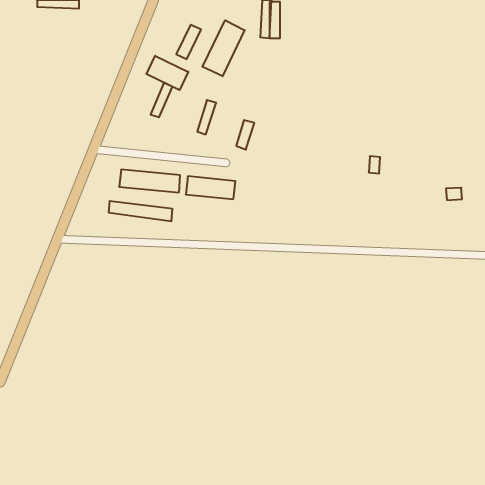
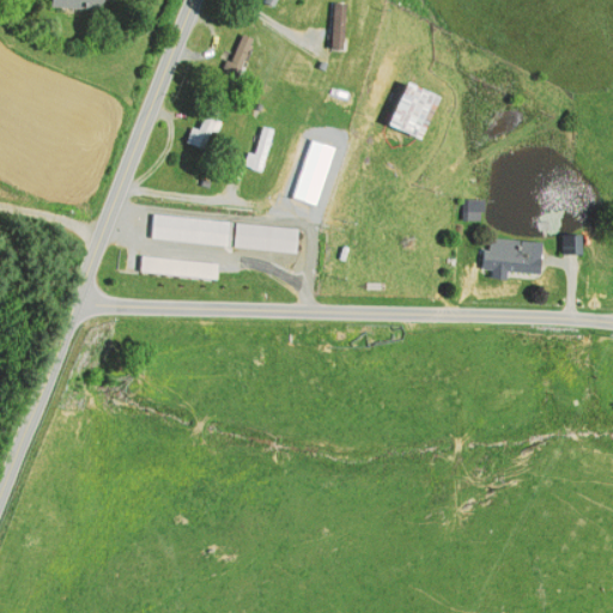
building: [203,20,245,76] -> none
building: [146,56,188,90] -> none
building: none -> [388,84,433,136]
building: none -> [480,237,540,274]

